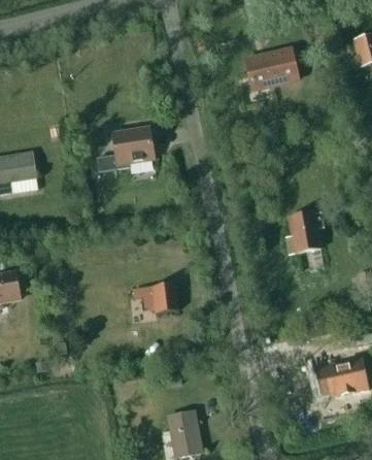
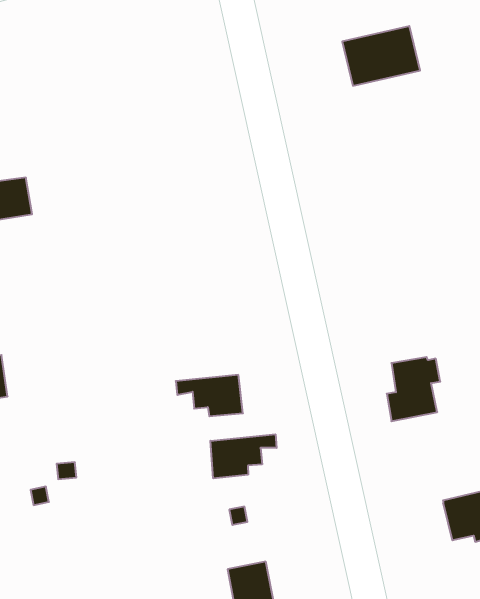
building: [97,126,155,170] -> none
building: [286,210,323,254] -> [387,357,440,421]
building: none -> [210,434,277,478]

